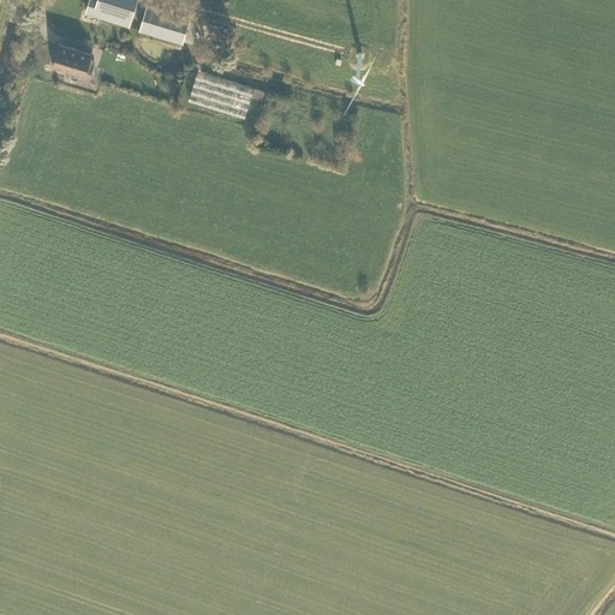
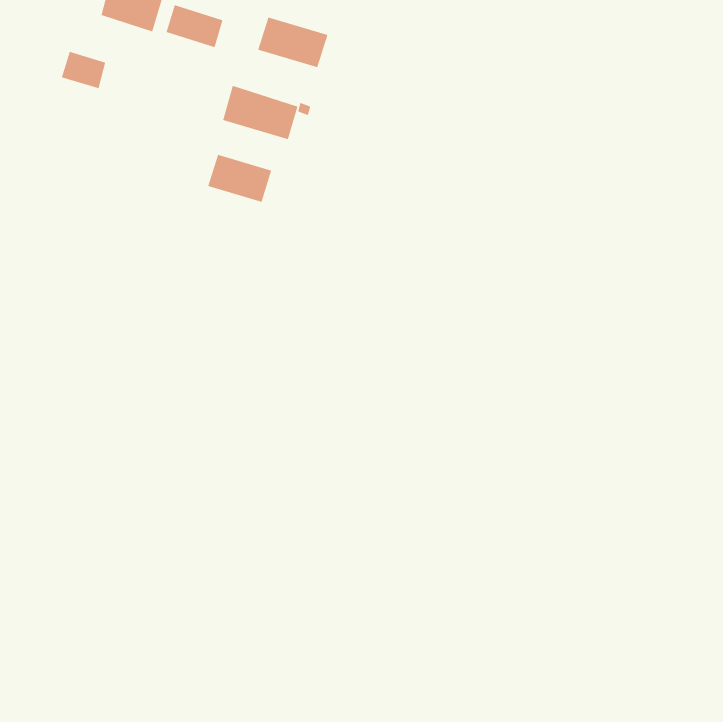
building: none -> [257,17,328,68]
building: none -> [207,154,272,203]

